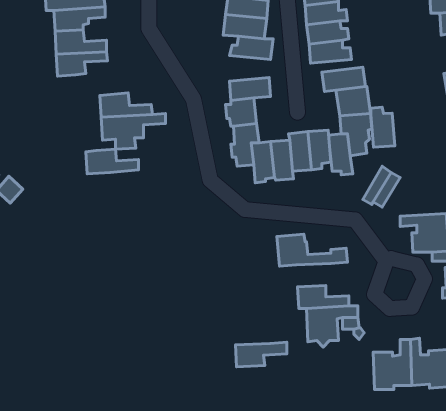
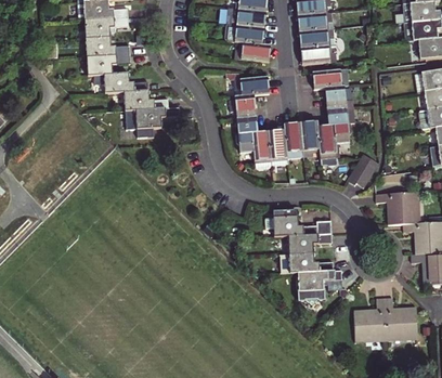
building: [371,107,395,147] -> none
building: [86,149,138,174] -> [103,73,147,93]
building: [235,342,287,367] -> [289,233,333,253]

